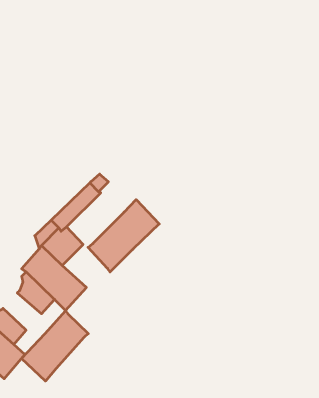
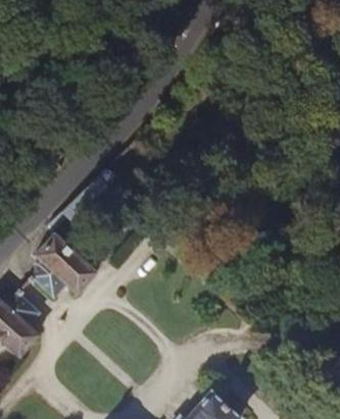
building: [88,200,159,272] -> none
building: [22,311,88,381] -> none

